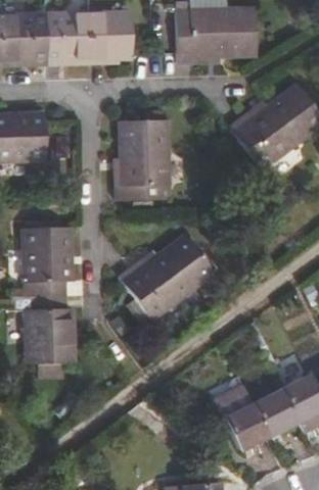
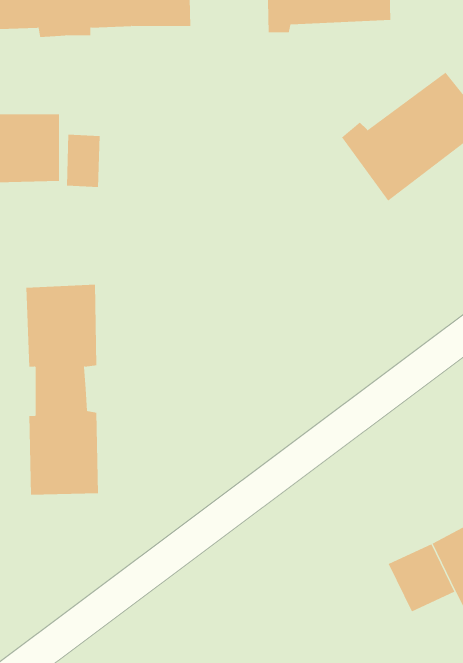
building: [116,119,169,200] -> none
building: [116,234,210,315] -> none
building: [215,383,273,452] -> none

